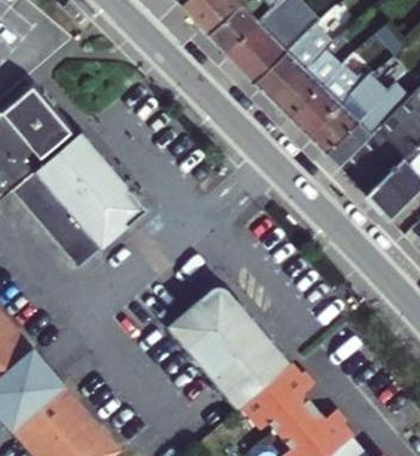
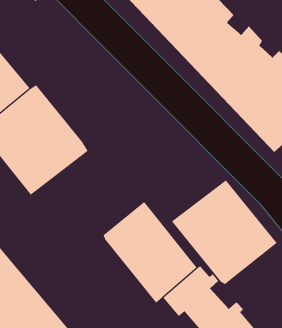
building: none -> [171,179,278,285]

